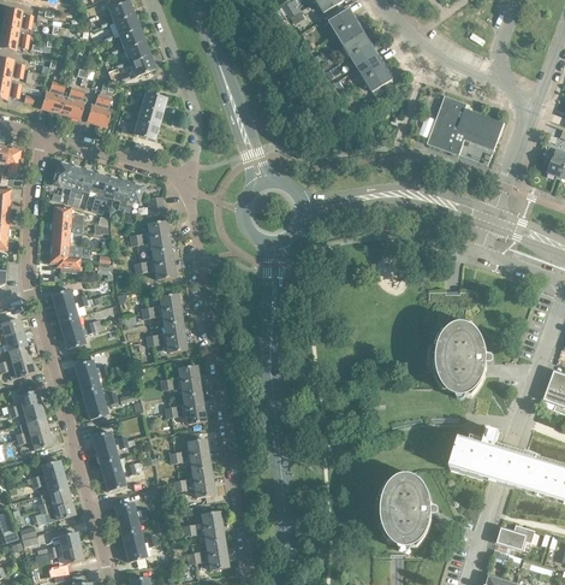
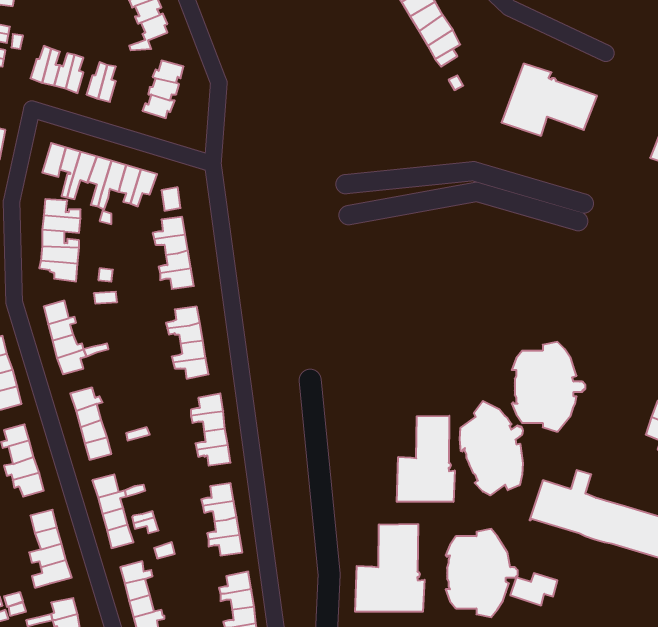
building: none -> [460,401,523,495]
building: none -> [397,416,455,502]
building: none -> [355,524,425,612]
building: [496,524,535,550] -> [510,573,557,605]

